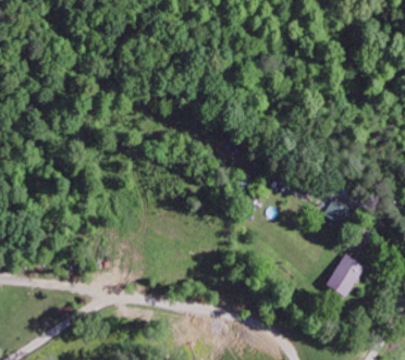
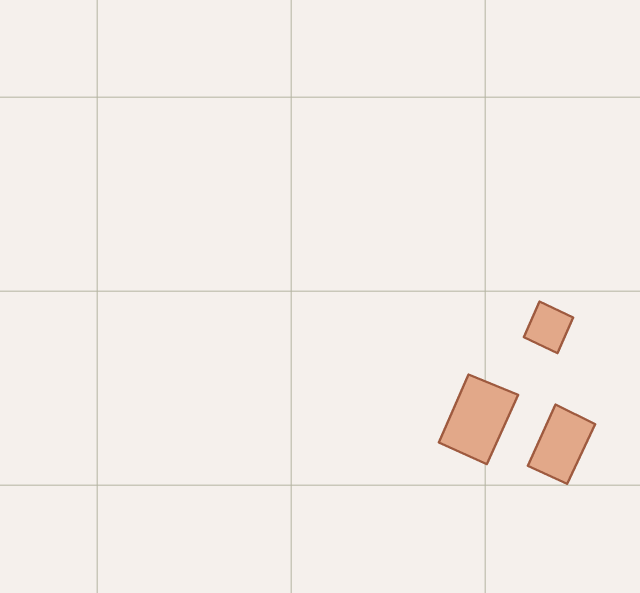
building: none -> [439,374,518,464]

